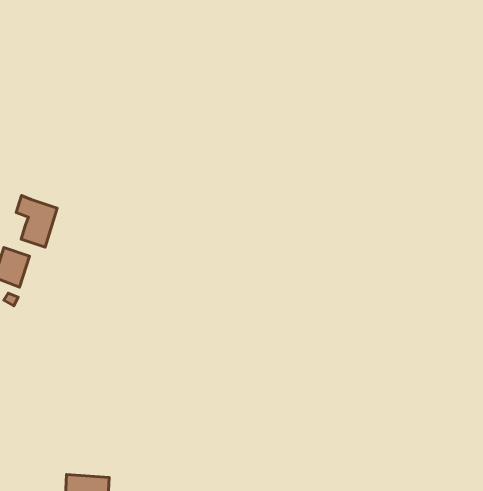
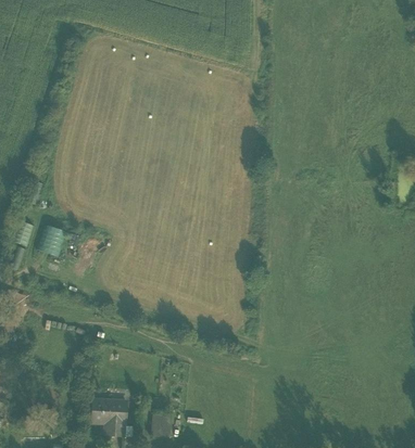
building: [16,196,57,247] -> none

